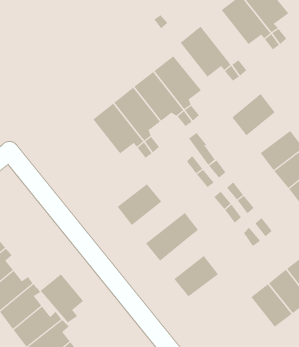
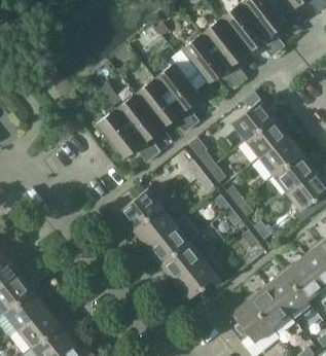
building: none -> [201,19,247,68]
building: none -> [245,118,288,158]
building: none -> [133,206,176,247]
building: none -> [160,234,213,282]
building: [40,273,84,323] -> none
building: none -> [230,299,273,344]

